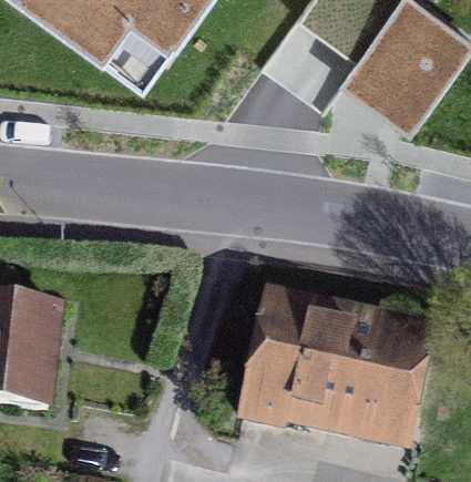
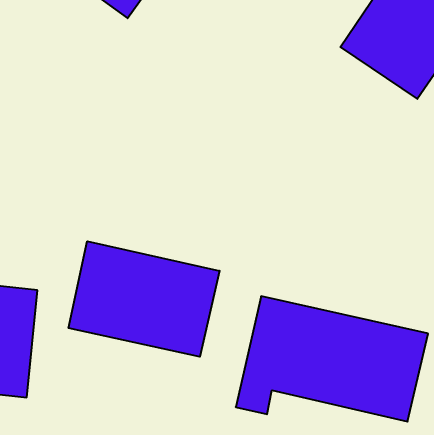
building: none -> [69,241,220,357]

